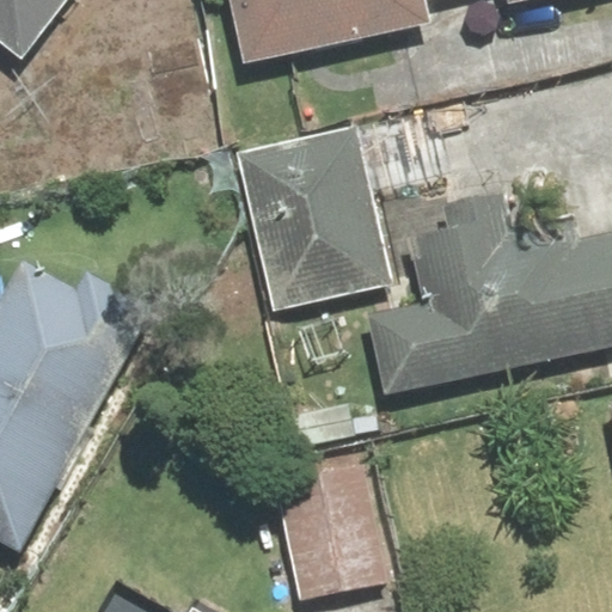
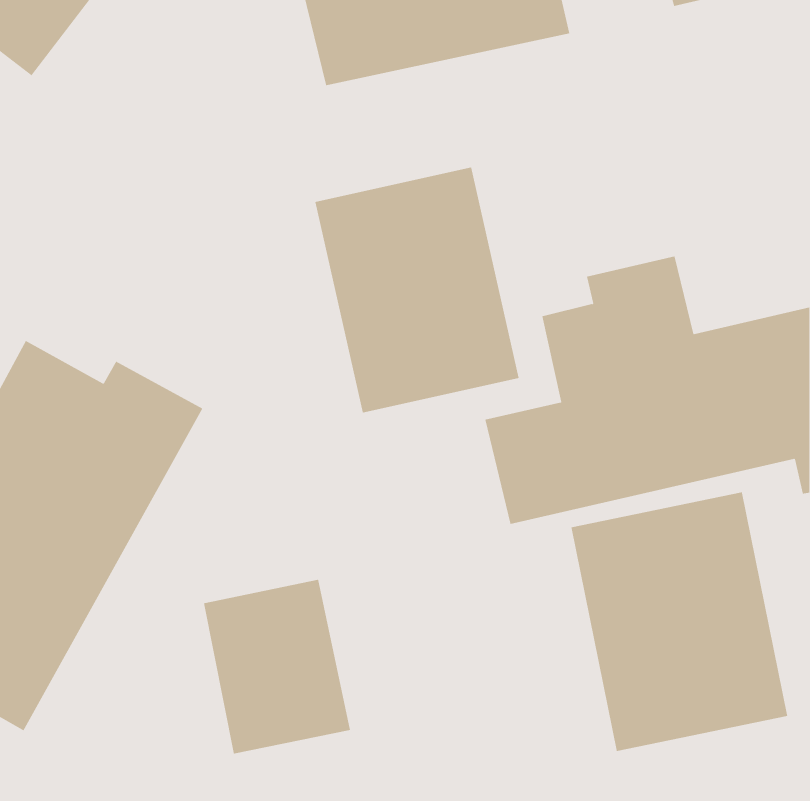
building: none -> [571,492,788,752]
building: [276,464,387,595] -> [203,579,351,754]

